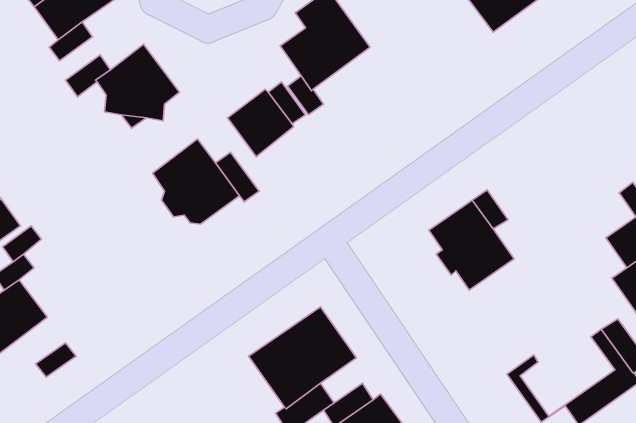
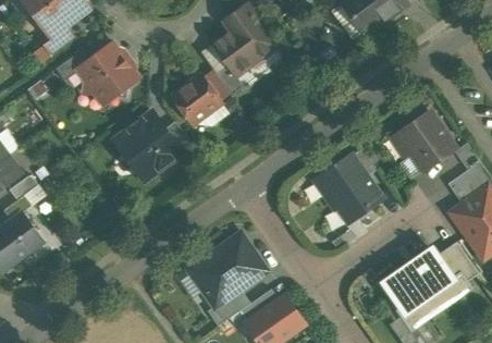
building: none -> [392,113,454,170]
building: none -> [385,250,454,314]

